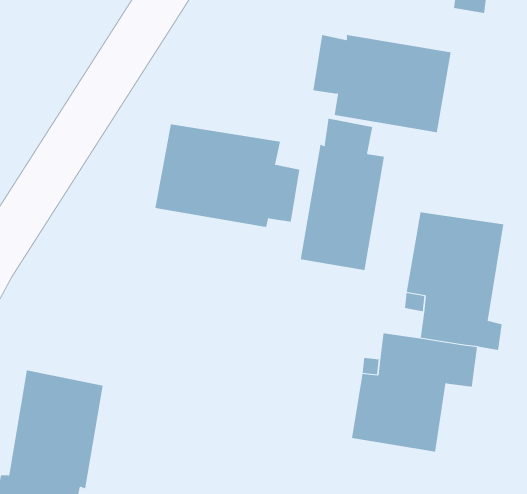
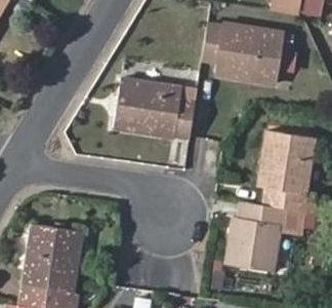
building: [300,118,384,271] -> none

